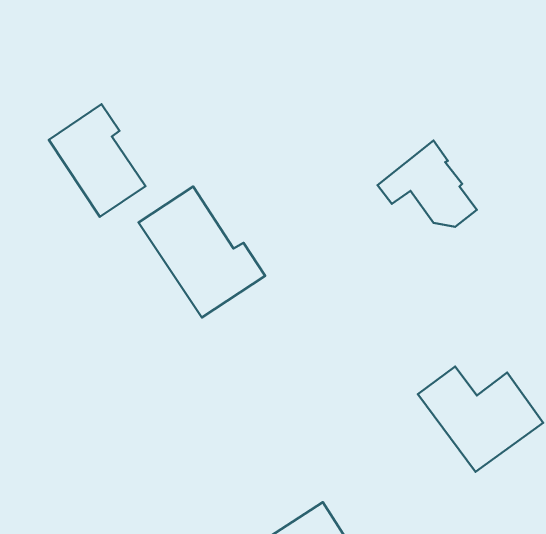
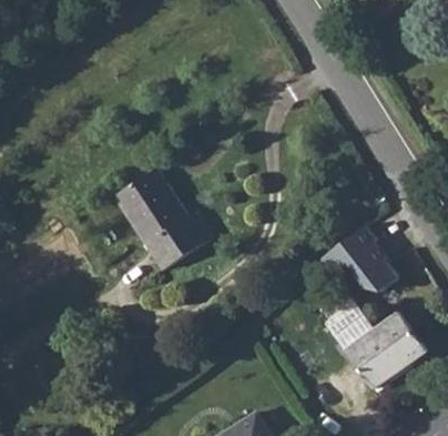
building: [49,104,145,217] -> none
building: [377,141,477,227] -> [320,224,397,291]

